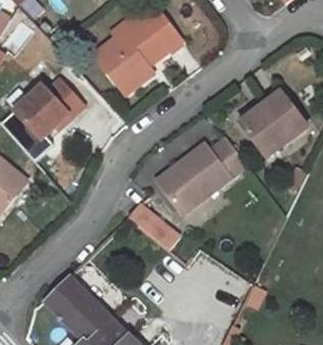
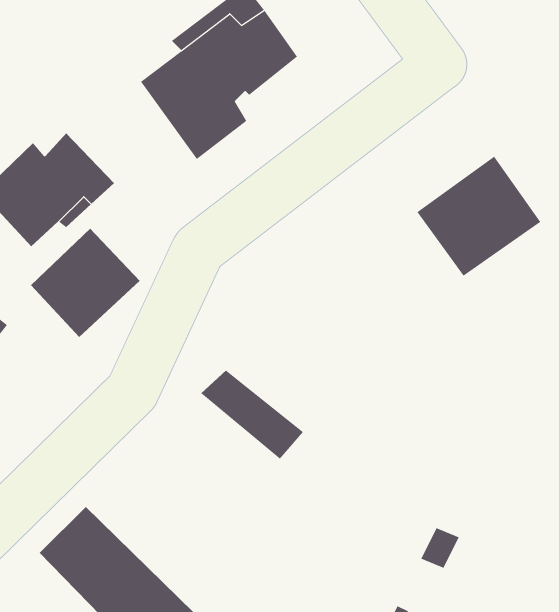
building: none -> [30,228,140,338]
building: [154,136,248,217] -> none

